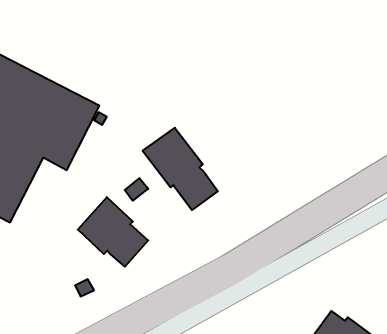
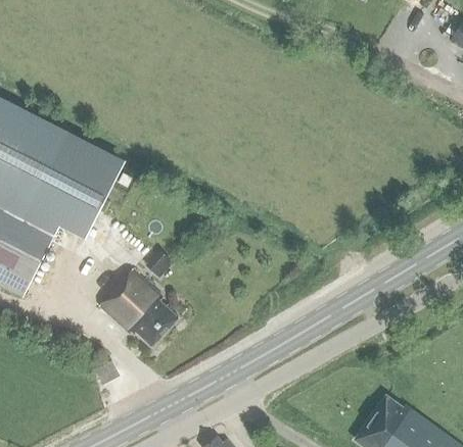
building: [143,128,218,210] -> none

